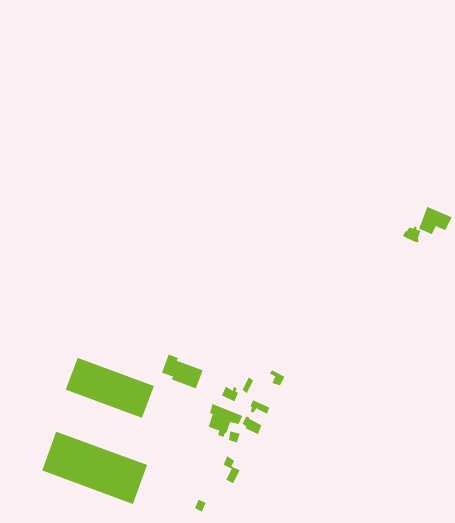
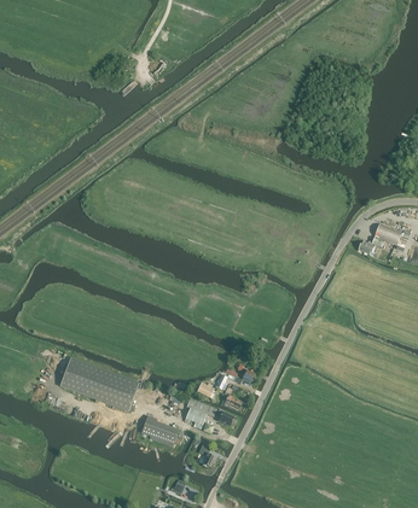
building: [161,354,203,389] -> [141,415,179,446]
building: [41,431,148,505] -> none

